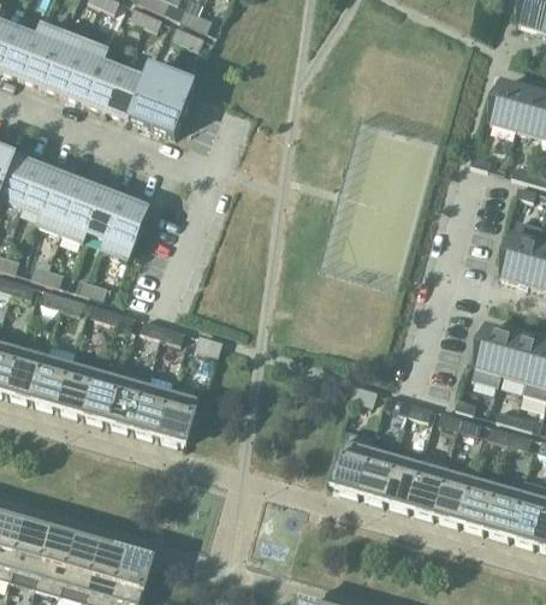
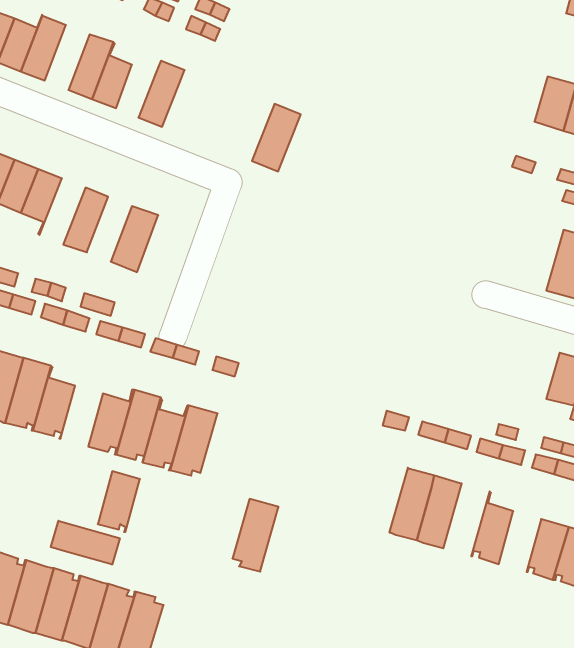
building: [43,34,84,93] -> none
building: [108,70,144,118] -> none
building: [150,75,195,136] -> [252,104,301,171]
building: [38,173,81,233] -> none
building: [82,190,123,249] -> none
building: [471,325,512,385] -> none
building: [58,362,96,417] -> [98,471,140,532]
building: [332,429,374,496] -> [232,499,279,572]
building: [406,451,449,517] -> none
building: [457,476,495,532] -> none
building: none -> [51,521,120,565]

